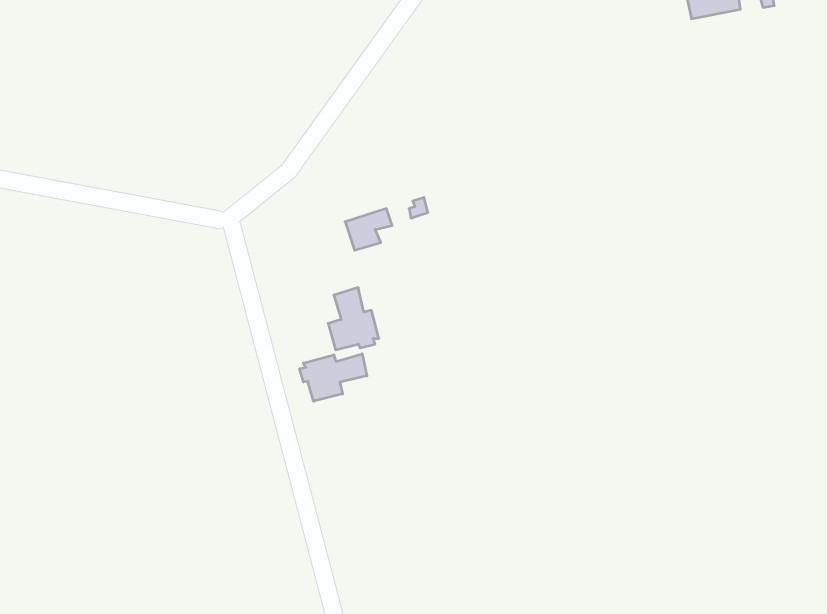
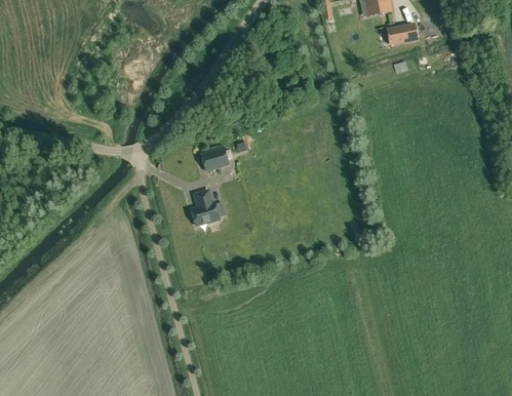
building: [300,354,367,401] -> none

